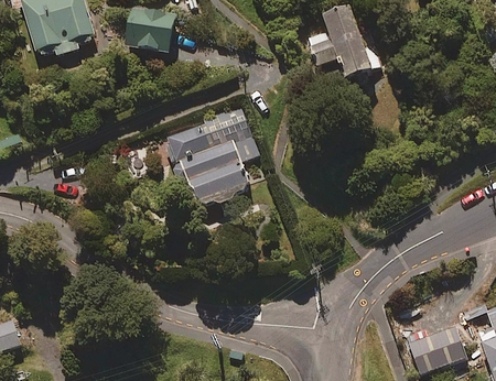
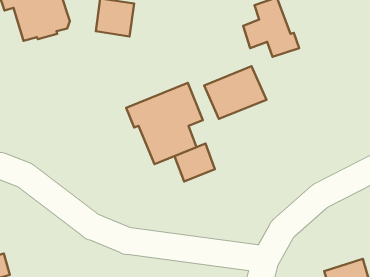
building: none -> [204,66,266,119]
building: none -> [175,144,215,181]

